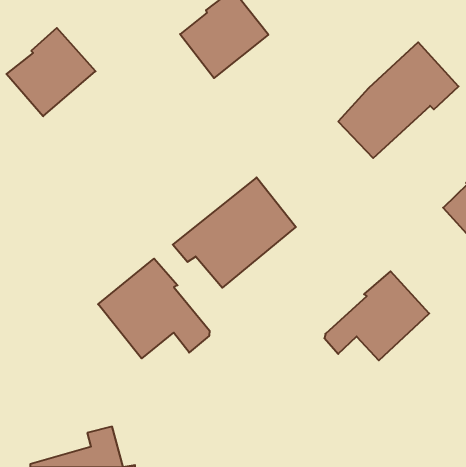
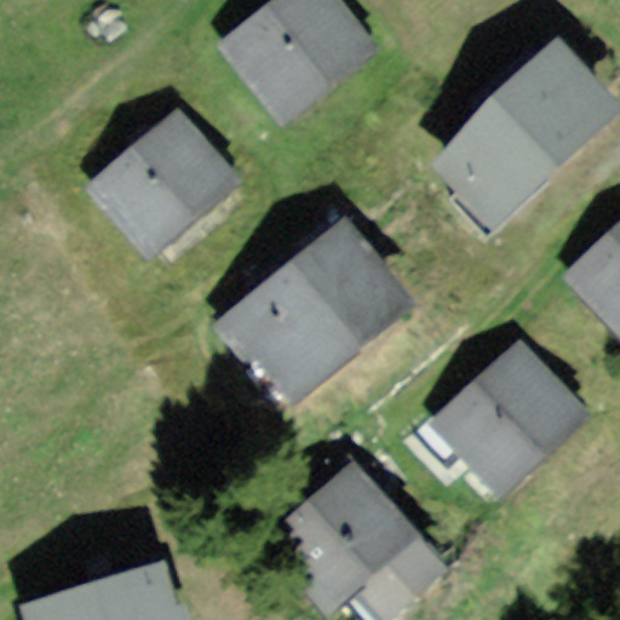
building: [6,28,96,116] -> [104,120,222,236]
building: [98,259,210,358] -> none
building: none -> [276,470,431,605]

